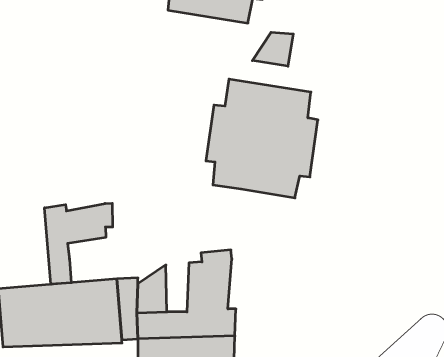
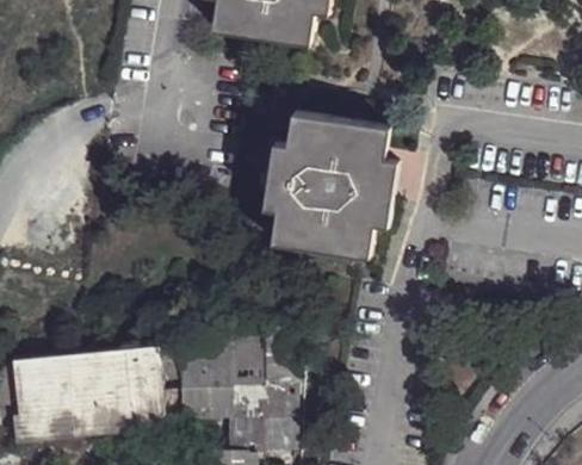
building: [252,32,293,66] -> none
building: [45,203,113,284] -> none
building: none -> [213,330,241,389]

